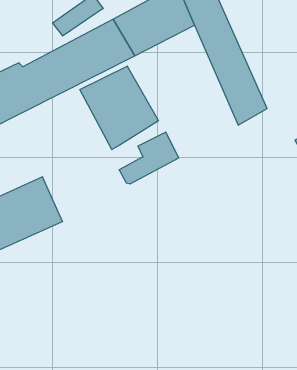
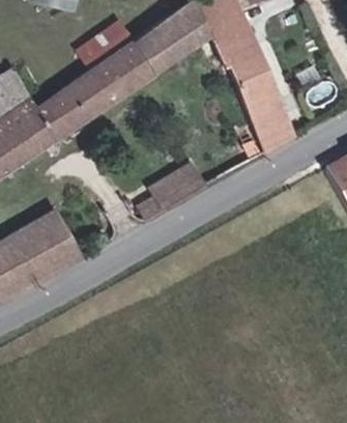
building: [80,66,158,150] -> none

